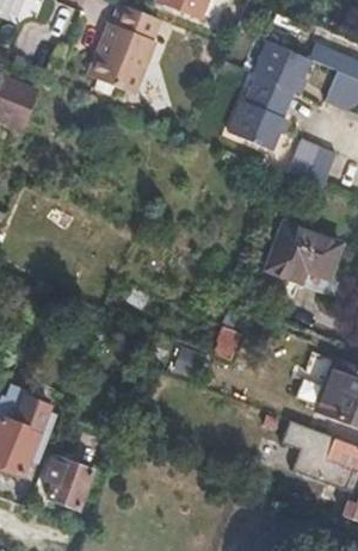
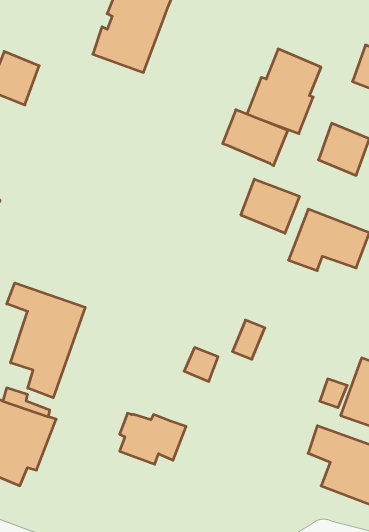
building: [253,42,313,93] -> [223,110,288,166]
building: none -> [241,179,299,233]
building: none -> [7,283,85,398]
building: [45,459,106,506] -> [120,413,186,464]

